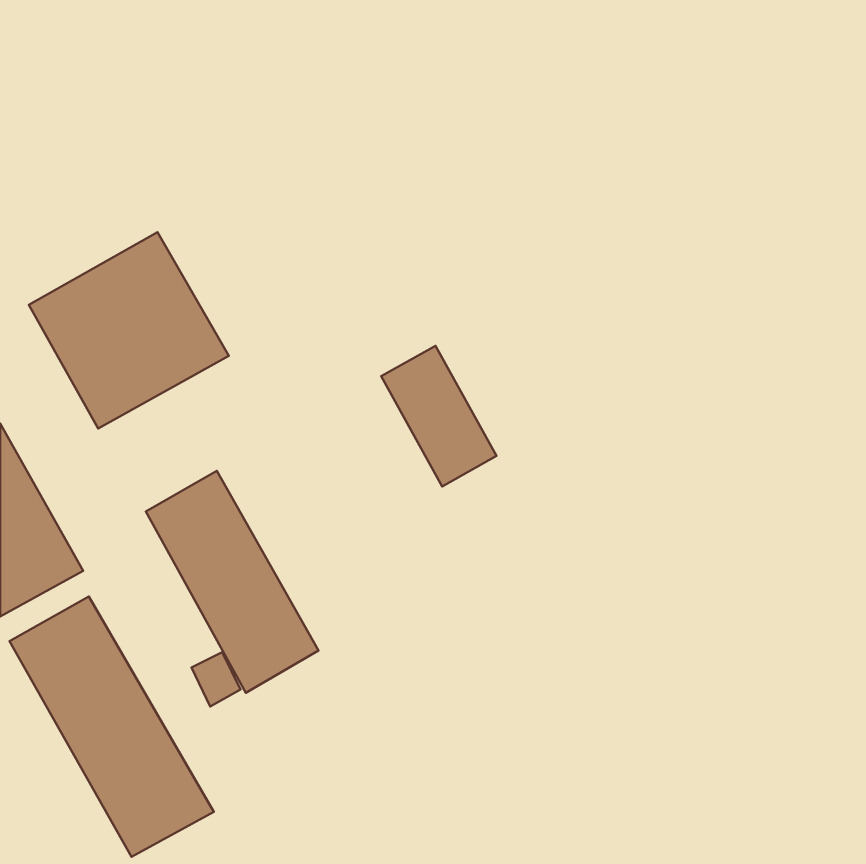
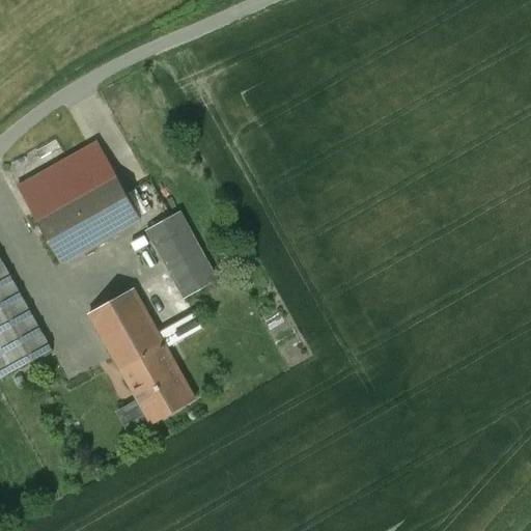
building: [381,346,497,486] -> [146,212,217,298]
building: [9,597,214,857] -> none

